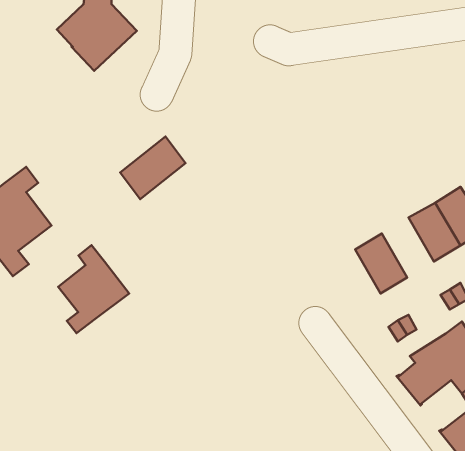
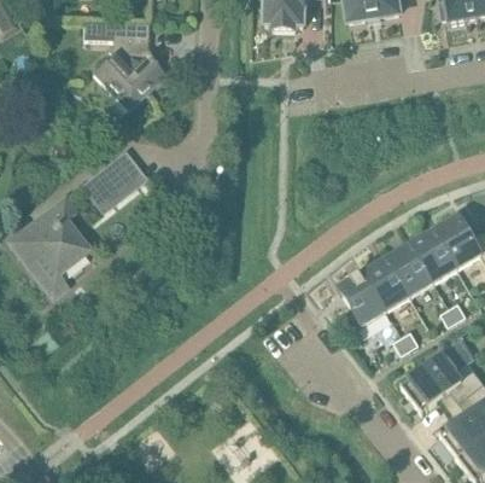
building: [120,137,185,199] -> [84,151,144,208]
building: none -> [387,242,434,296]
building: [58,245,129,333] -> none
building: none -> [339,270,386,337]

